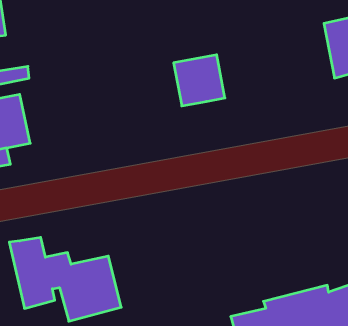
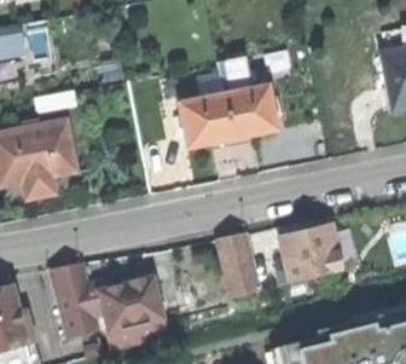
building: none -> [180,87,232,141]
building: none -> [280,230,343,289]
building: none -> [221,238,262,301]

